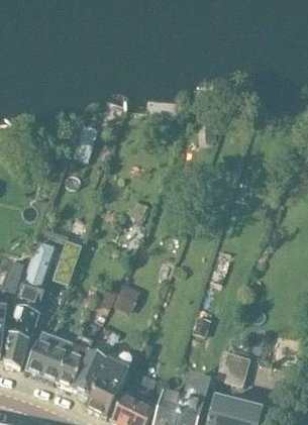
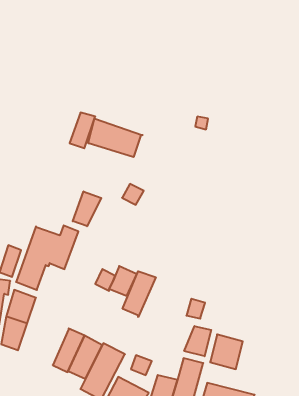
building: none -> [88,119,143,157]
building: none -> [73,191,101,226]
building: none -> [123,271,156,317]
building: [25,330,72,381] -> none
building: none -> [184,326,211,356]

